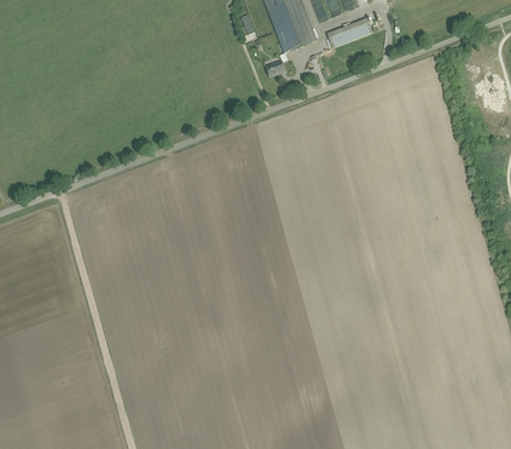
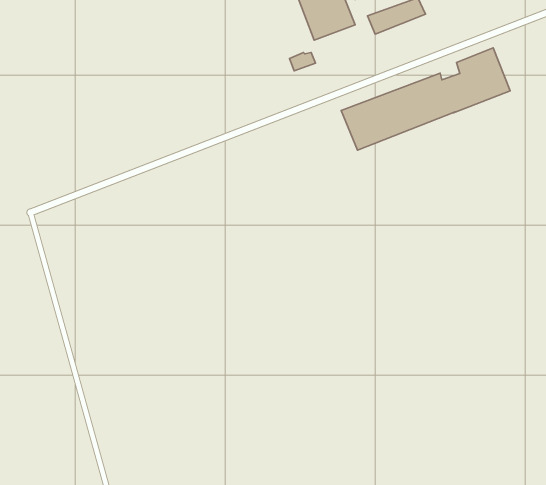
building: none -> [341,48,510,150]

